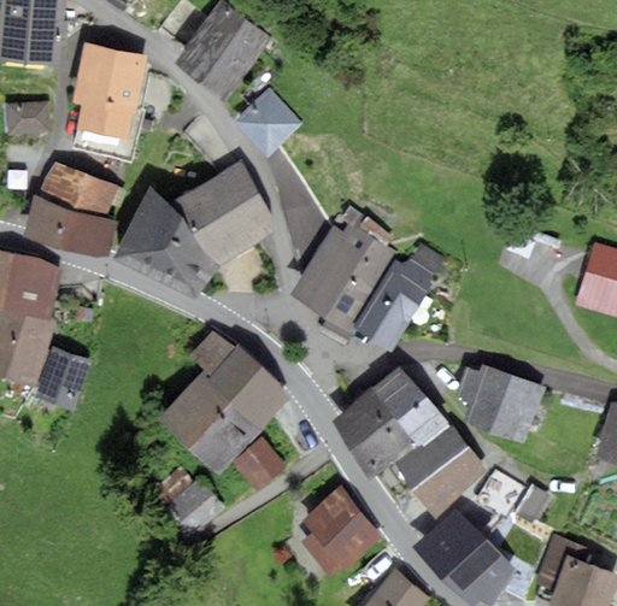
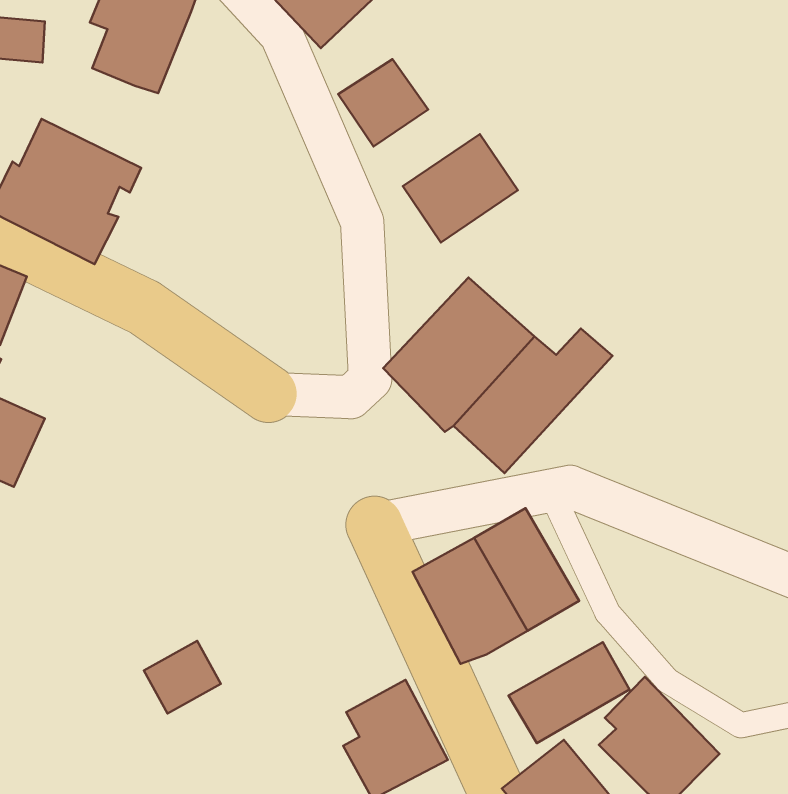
building: none -> [403,134,518,243]
building: [118,165,268,293] -> none
building: [168,334,282,460] -> none
building: [460,365,542,436] -> none
building: [390,420,464,488] -> none
building: [235,440,284,489] -> none

